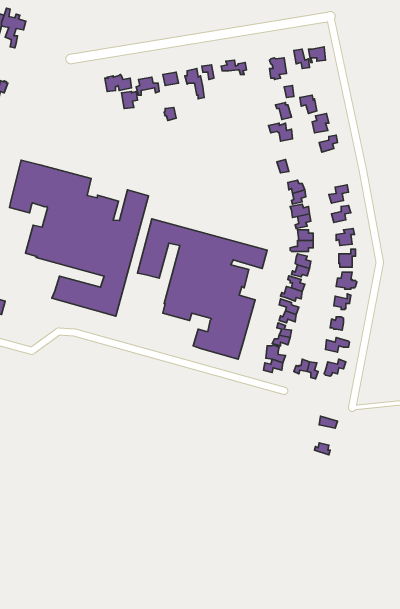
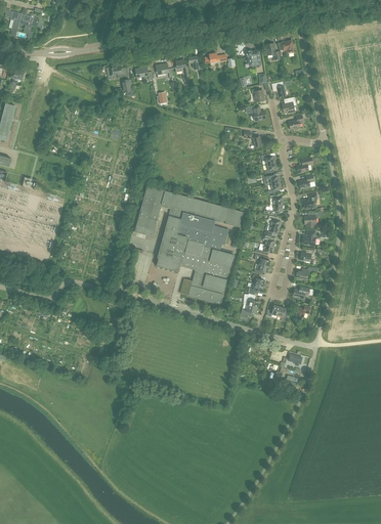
building: [9,160,149,316] -> none

